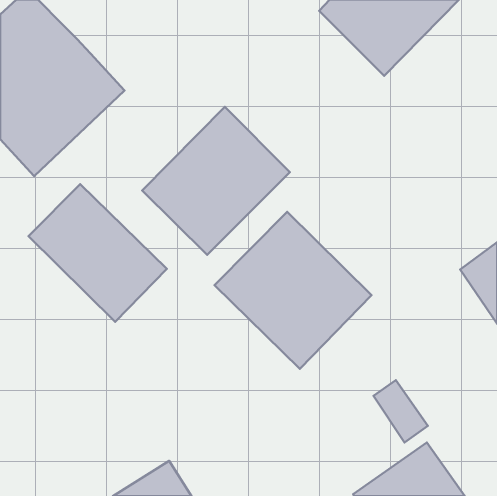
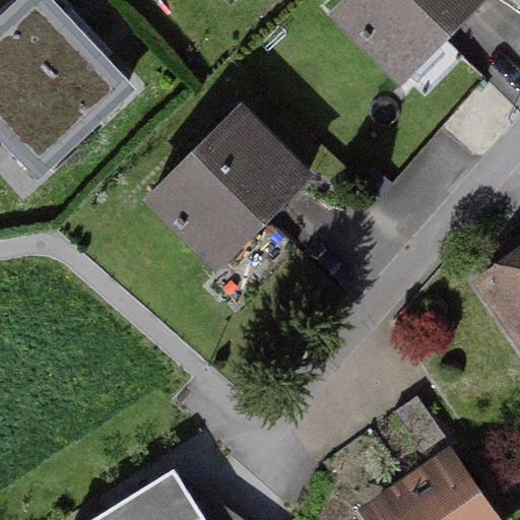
building: [29,184,167,322] -> none
building: [215,212,372,369] -> none

